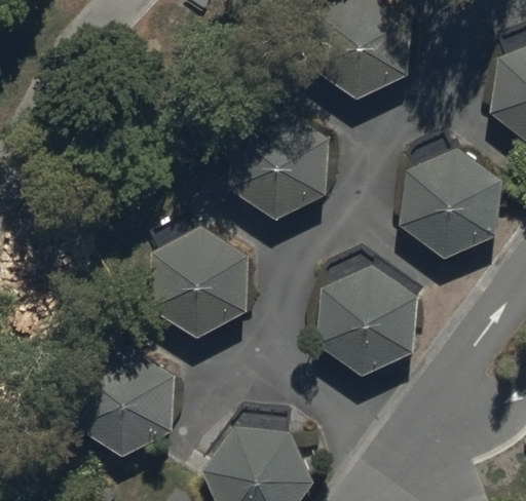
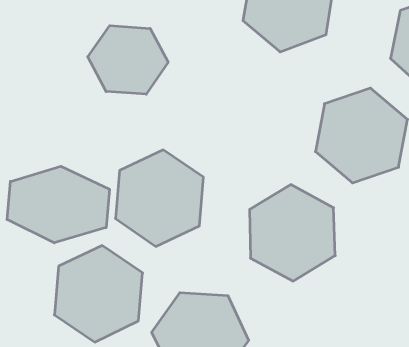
building: none -> [88,26,168,94]
building: [226,104,335,224] -> none
building: none -> [7,166,109,243]

